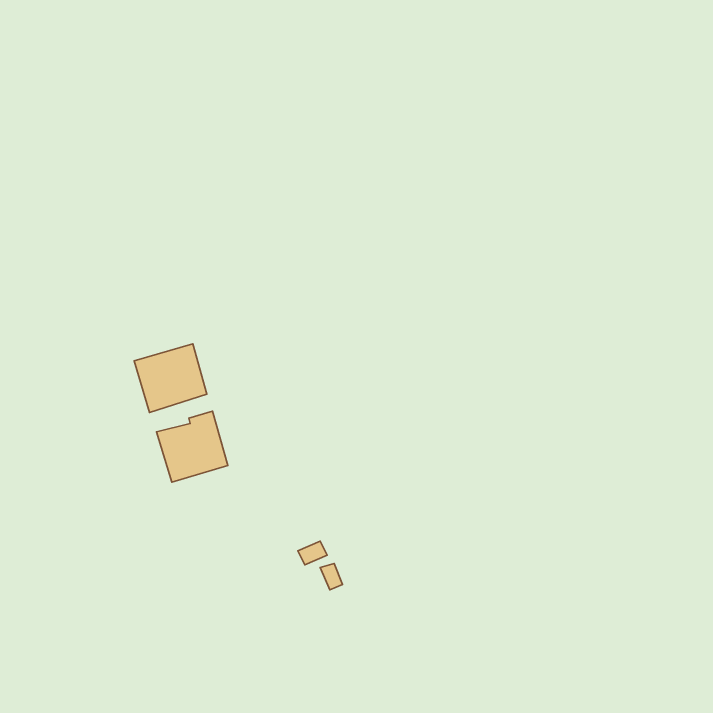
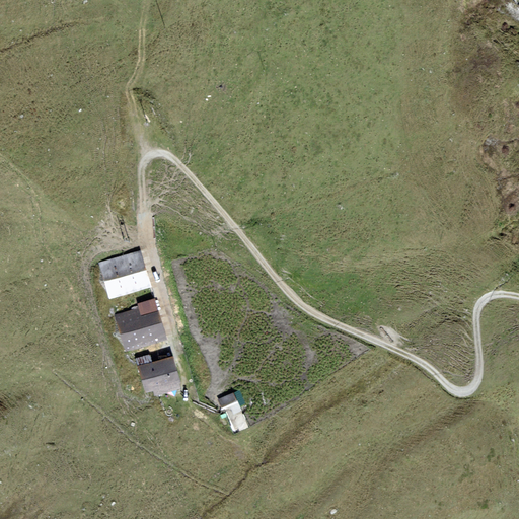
building: none -> [134,353,180,395]

